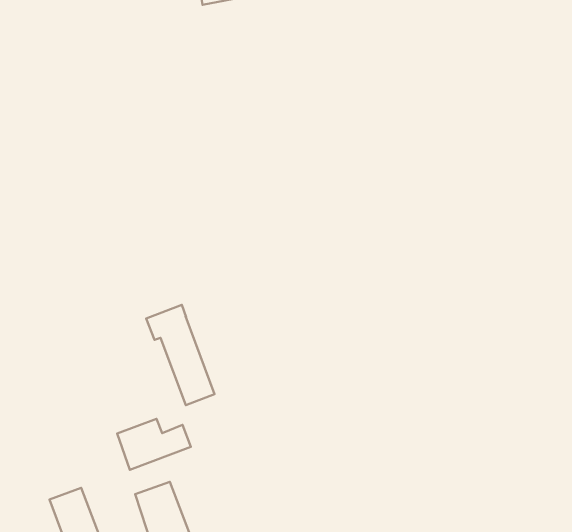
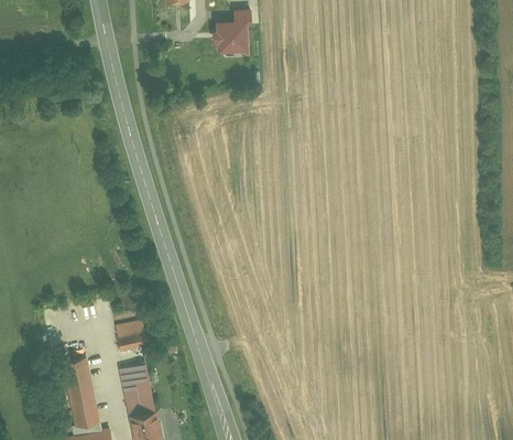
building: [146,305,214,405] -> none

